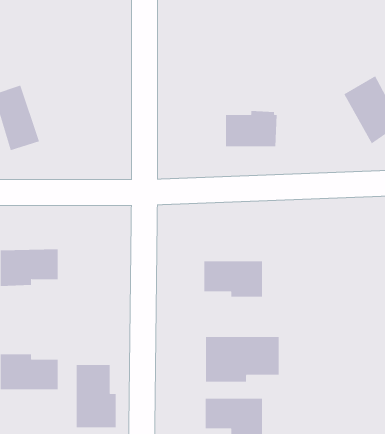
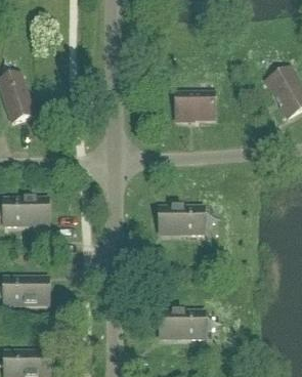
building: [205,336,279,382] -> none
building: [76,364,116,428] -> none

